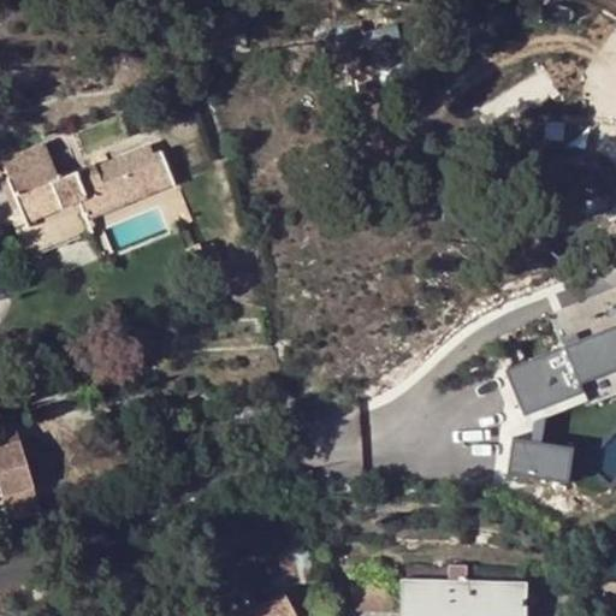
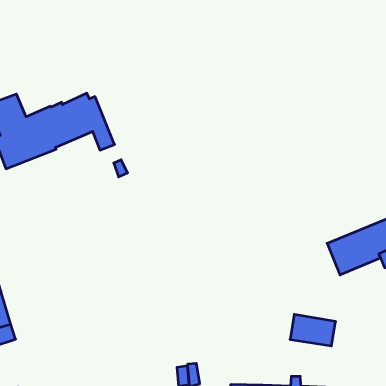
building: [505,436,573,482] -> [290,314,336,346]

